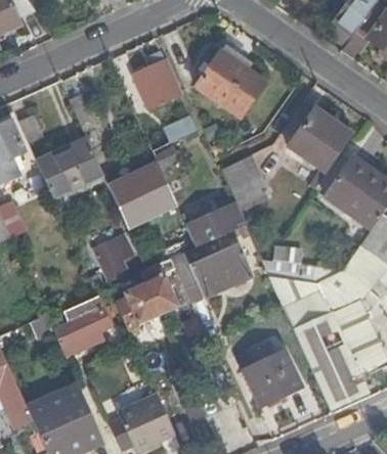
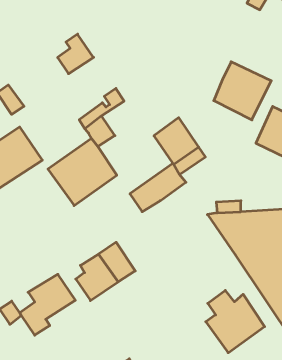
building: [196,45,264,118] -> none
building: [93,235,133,281] -> none
building: [171,238,253,301] -> none

